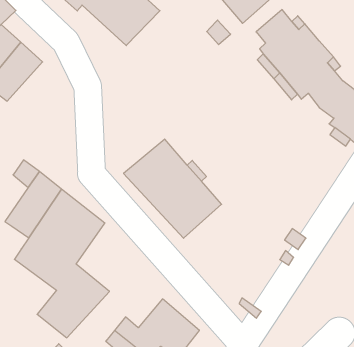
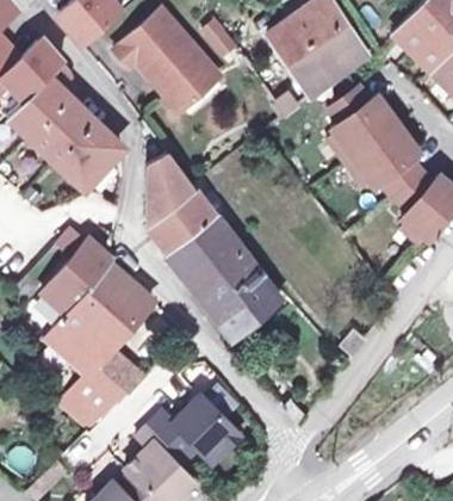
building: none -> [48,122,117,187]
building: none -> [154,151,219,253]

